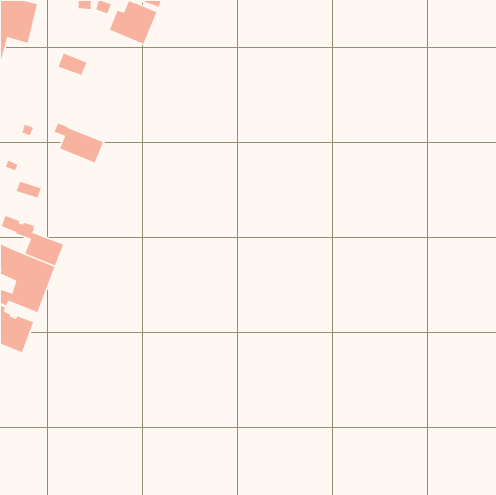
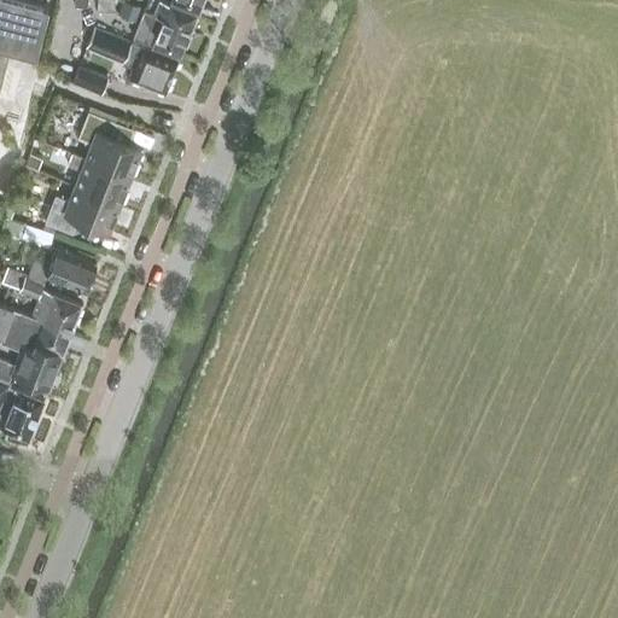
building: none -> [87,29,179,94]
building: none -> [78,113,141,179]
building: none -> [45,187,119,234]
building: none -> [30,250,97,292]

